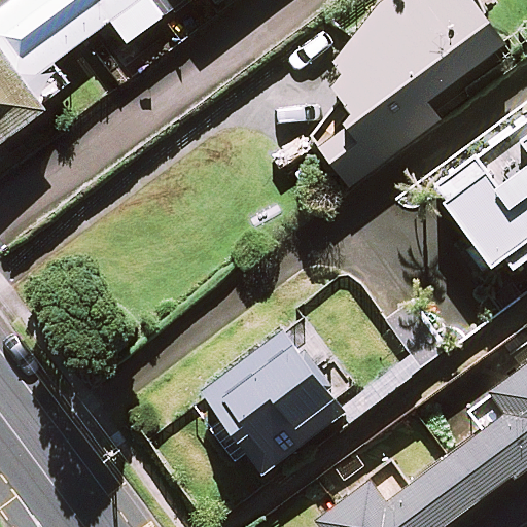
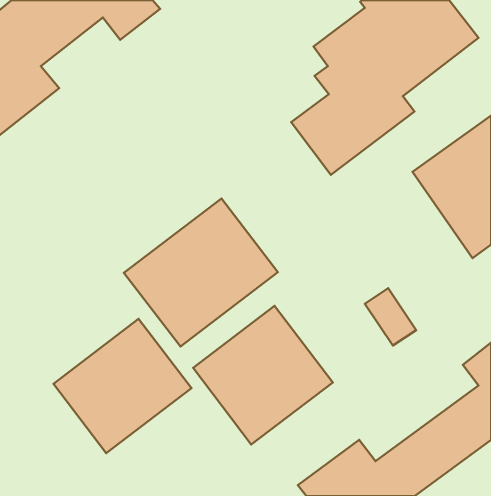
building: none -> [124,198,278,347]
building: none -> [53,319,192,453]

